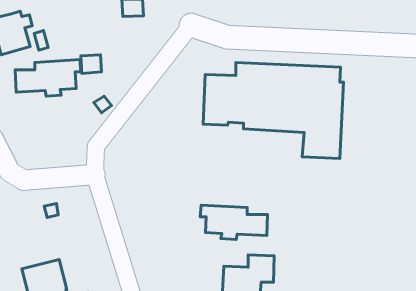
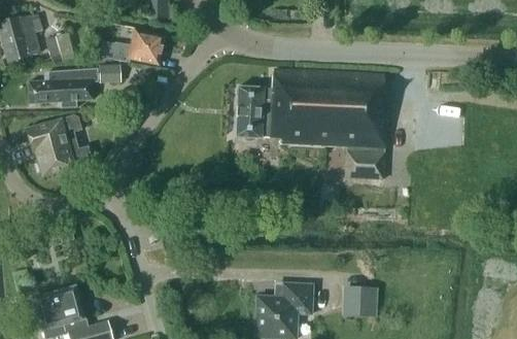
building: none -> [100,27,166,65]
building: none -> [28,114,92,174]
building: [200,205,267,239] -> none
building: none -> [346,285,377,315]

